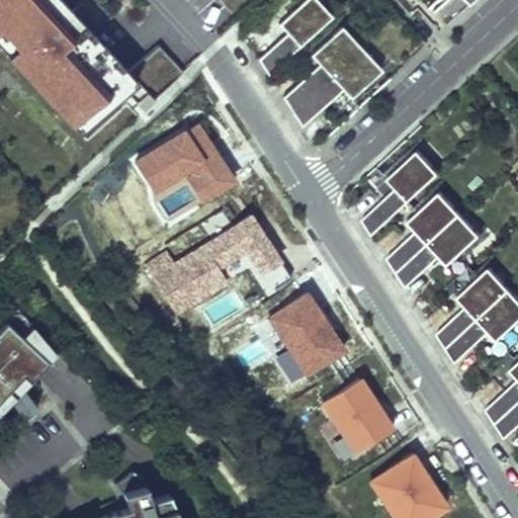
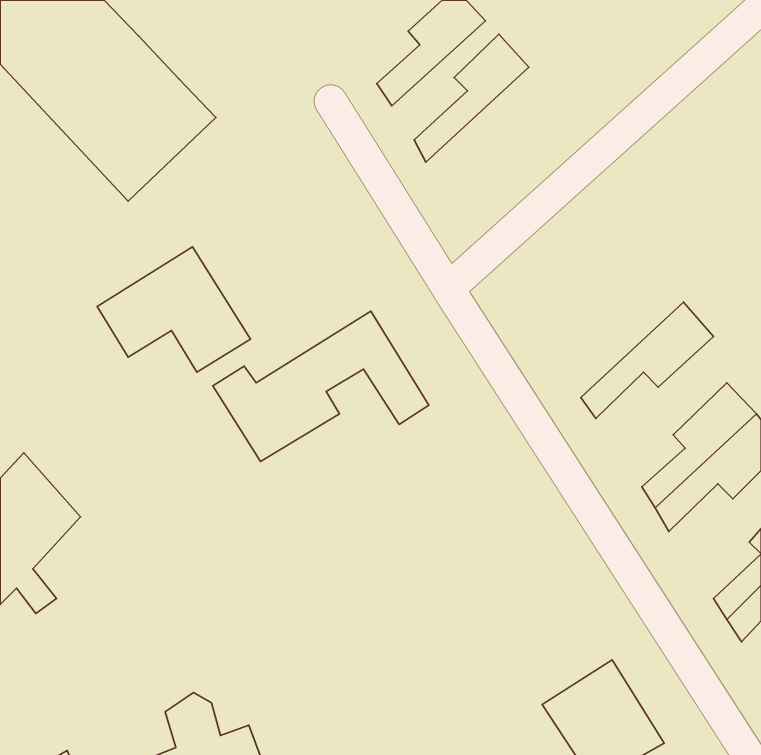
building: [289,50,379,128] -> none
building: [134,119,238,204] -> [97,247,250,372]
building: [361,155,434,237] -> none
building: [385,189,464,274] -> none
building: [269,290,349,376] -> none
building: [321,377,397,456] -> none

